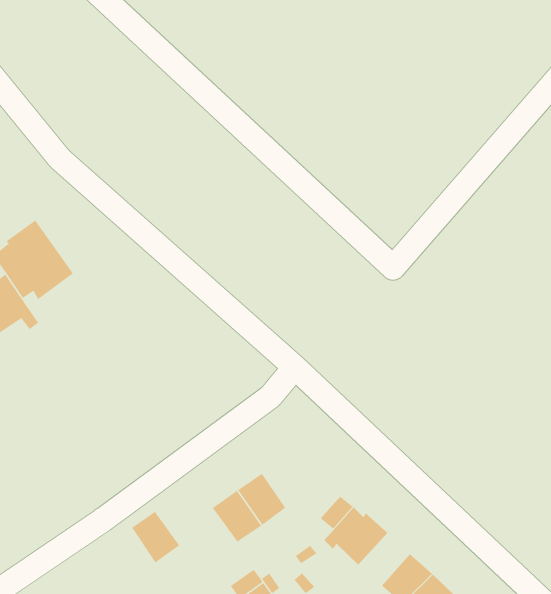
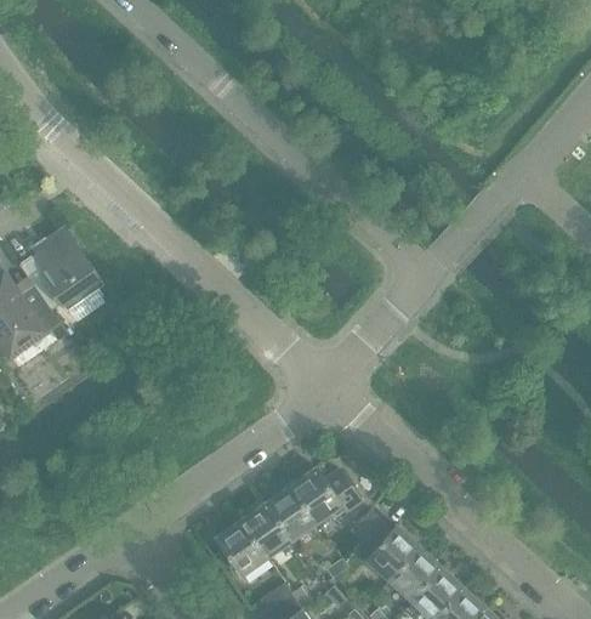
building: none -> [294,467,363,522]
building: [131,511,180,564] -> [218,522,268,575]
building: none -> [391,547,443,601]

